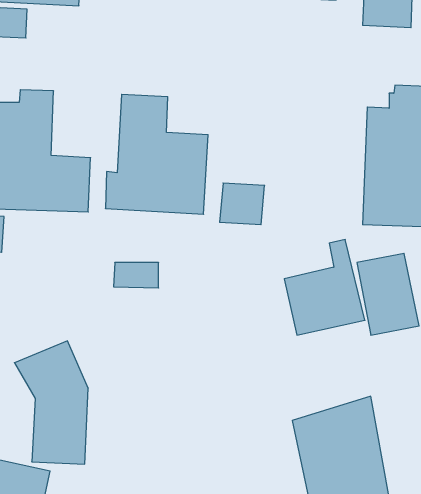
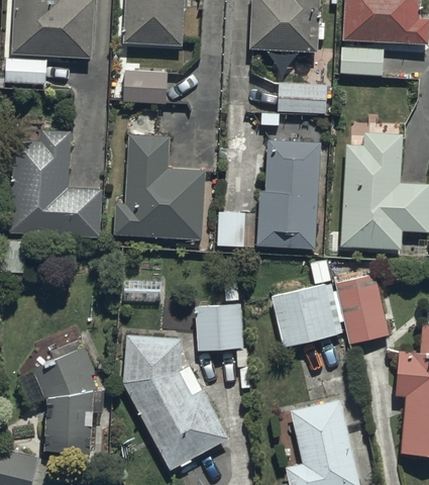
building: none -> [120,69,167,103]
building: none -> [275,82,326,114]
building: none -> [262,142,321,252]
building: none -> [193,281,242,351]
building: none -> [125,338,232,473]

